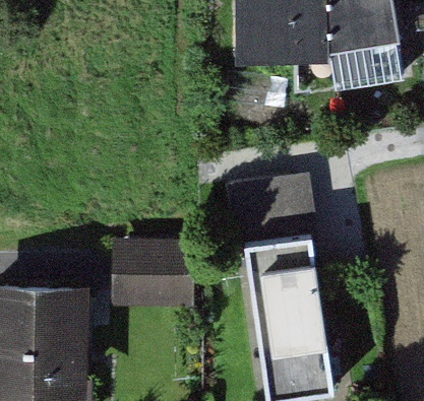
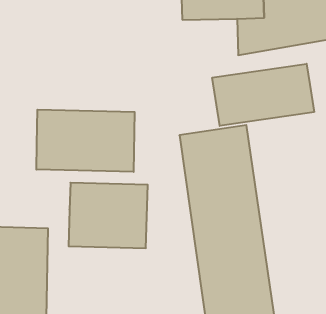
building: none -> [212,64,314,126]
building: none -> [36,110,135,172]

